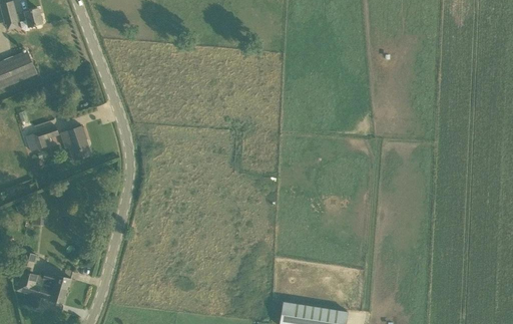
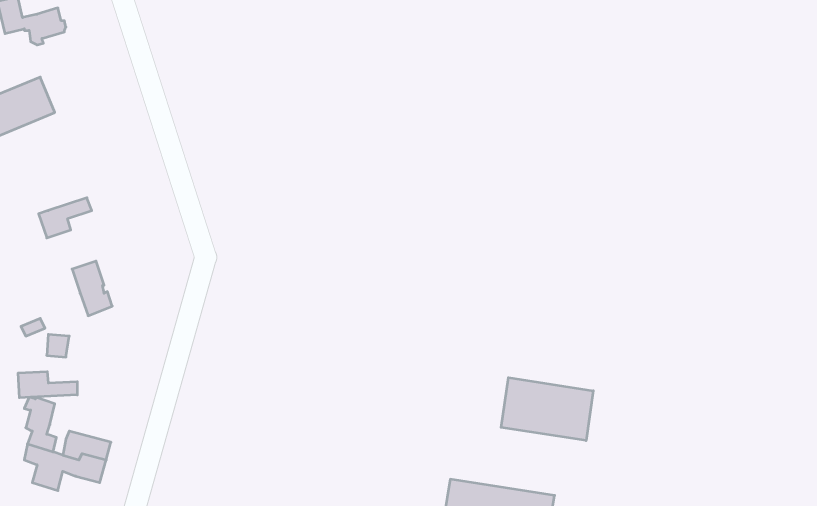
building: [66,126,91,160] -> [72,261,112,316]
building: none -> [18,372,77,398]
building: none -> [501,378,593,441]

